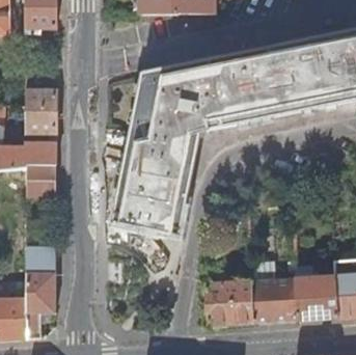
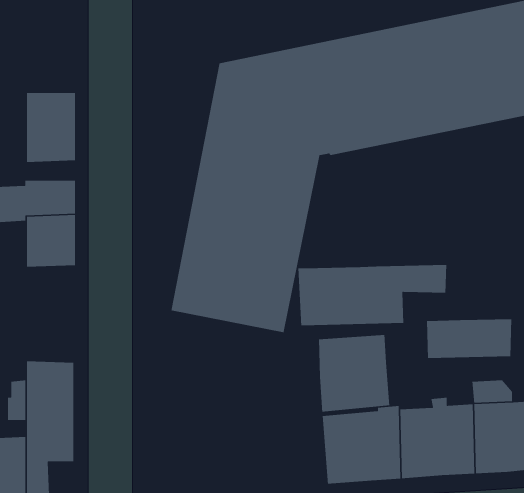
building: none -> [297,264,447,326]
building: none -> [426,318,512,359]
building: none -> [318,334,390,412]

